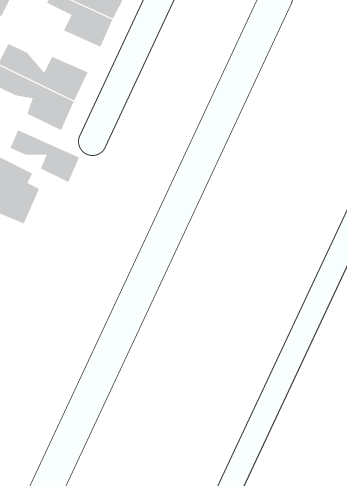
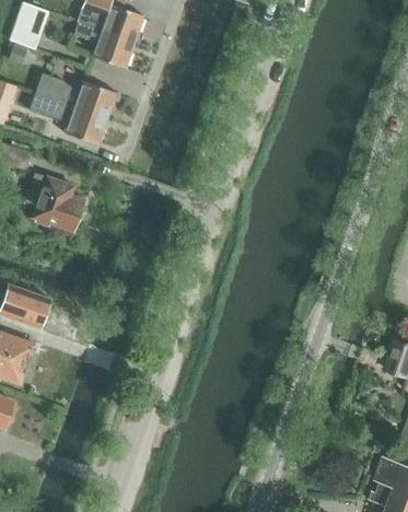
building: [10,129,80,183] -> none

